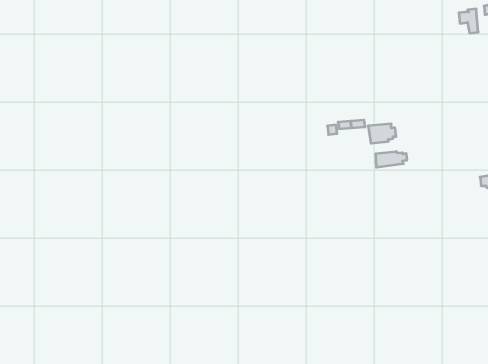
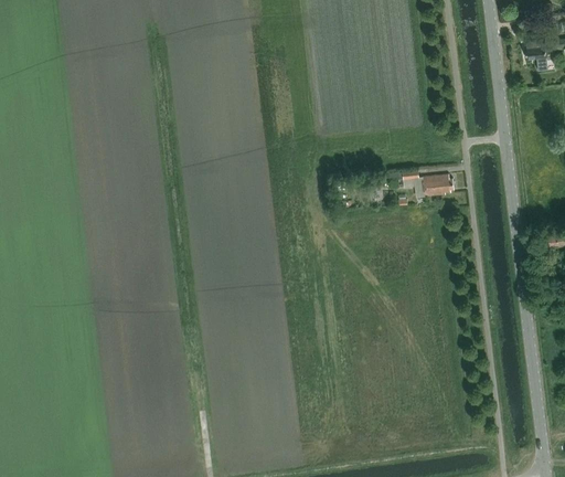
building: [376,151,407,167] -> none

